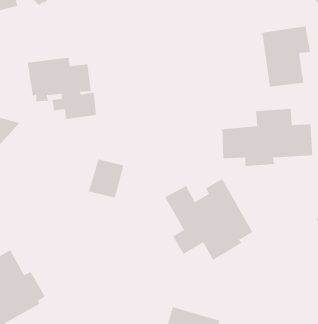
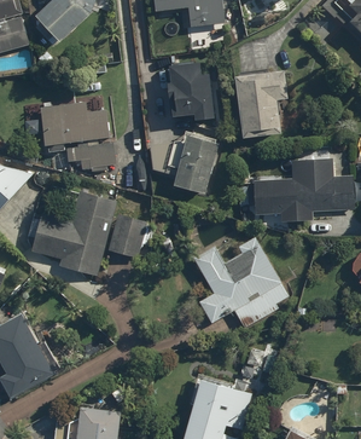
building: none -> [165,62,212,121]
building: [261,26,311,87] -> [233,70,287,138]
building: none -> [147,135,216,193]
building: none -> [29,192,115,276]

